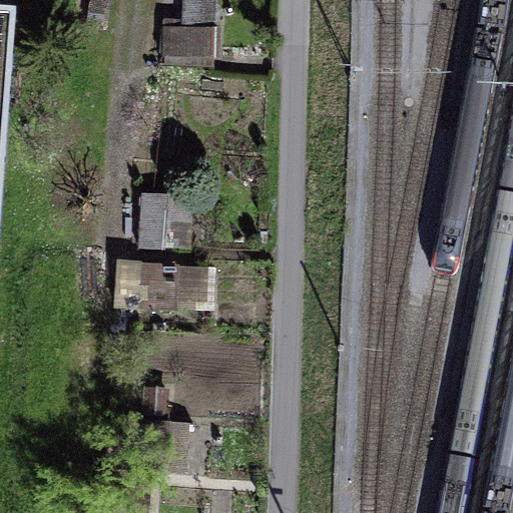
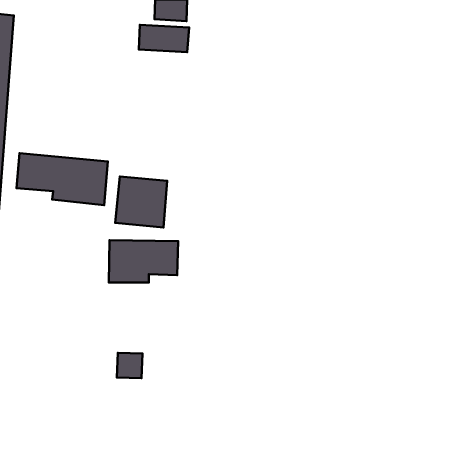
building: none -> [17,153,108,205]

